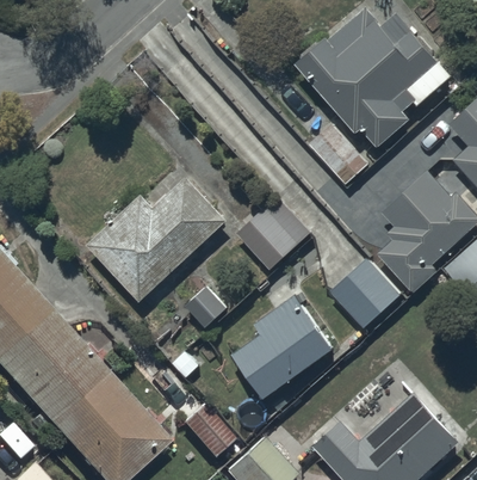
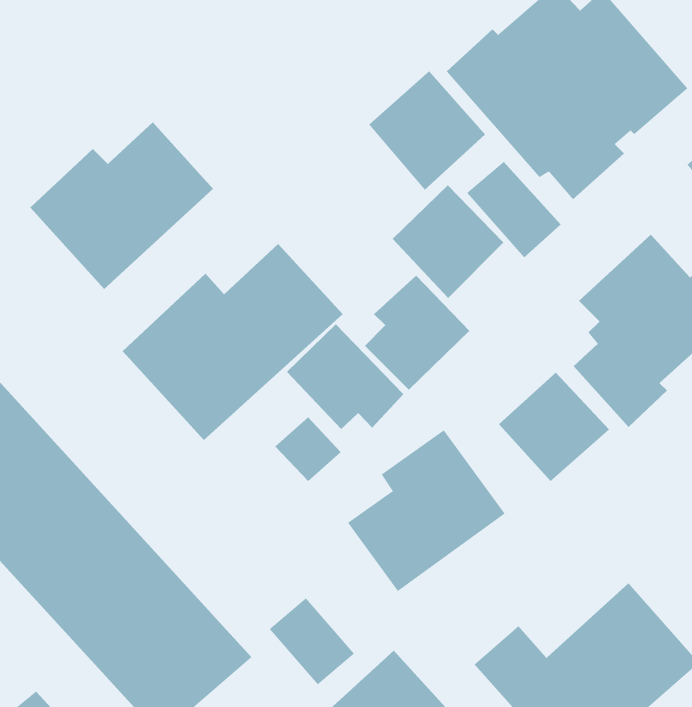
building: none -> [368,71,486,190]
building: none -> [30,121,214,290]
building: none -> [392,185,504,299]
building: none -> [286,324,404,430]

